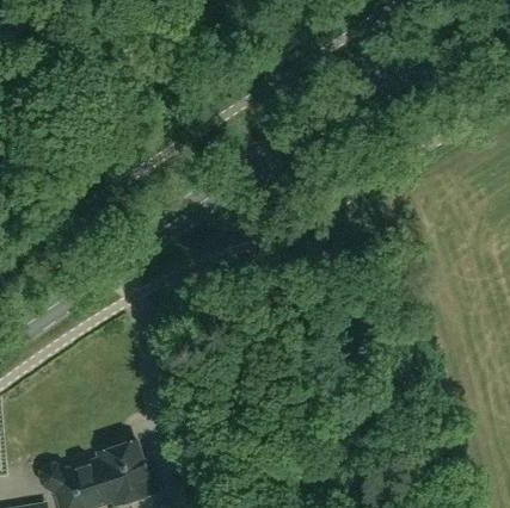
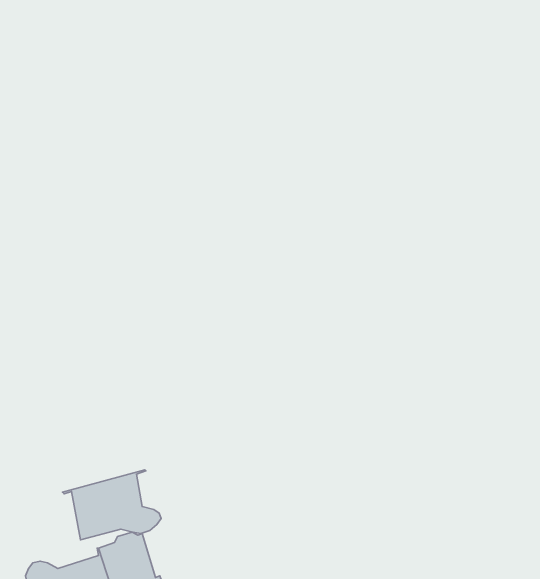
building: none -> [63,470,161,540]

